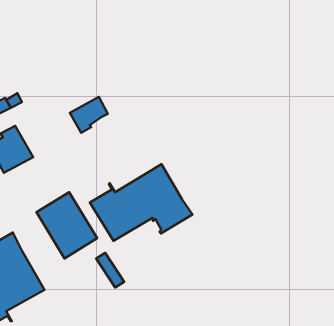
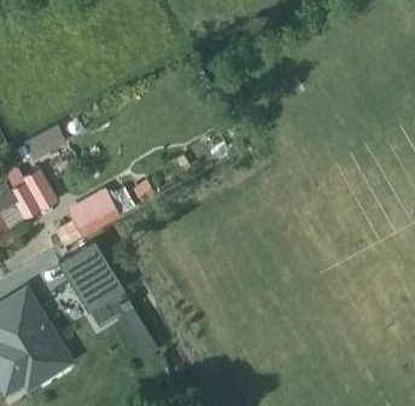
building: [70,97,108,133] -> [78,197,119,236]
building: [90,164,192,241] -> none

